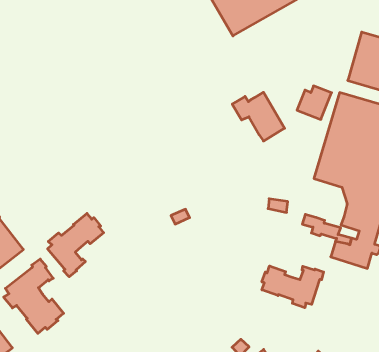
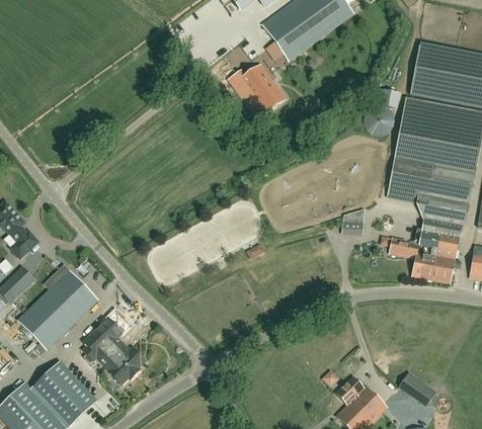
building: [232,92,285,141] -> [229,65,285,114]
building: [48,213,104,277] -> none
building: [262,266,324,308] -> none

